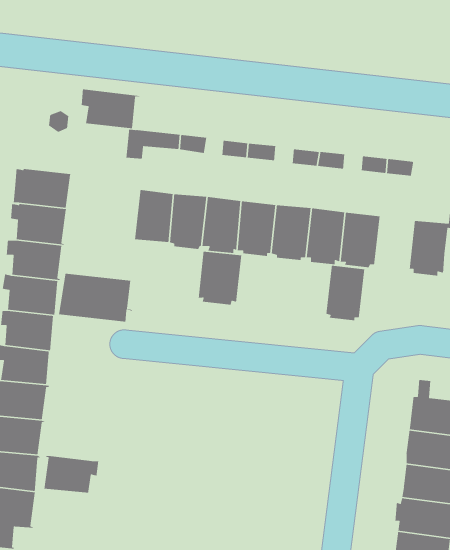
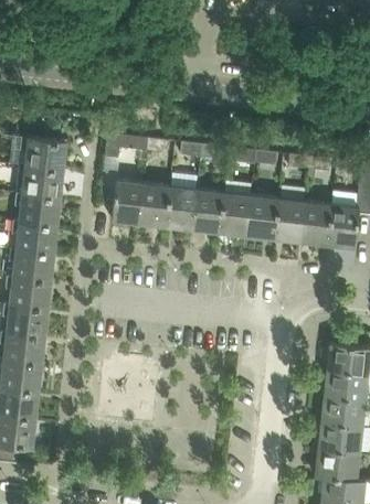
building: [81,89,140,129] -> [21,137,67,169]
building: [198,251,242,305] -> none
building: [326,265,365,321] -> [300,202,331,246]
building: [58,273,133,322] -> none
building: [43,455,99,493] -> none

